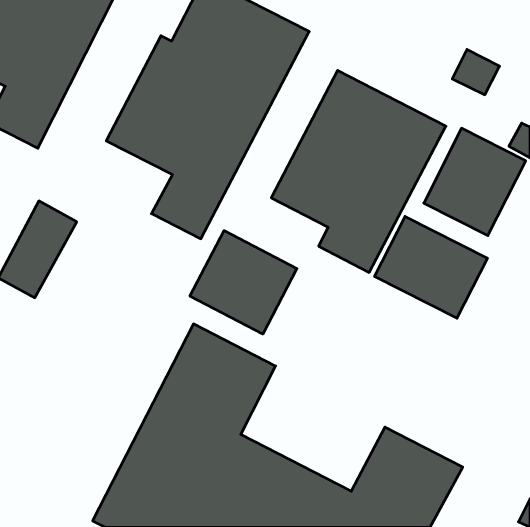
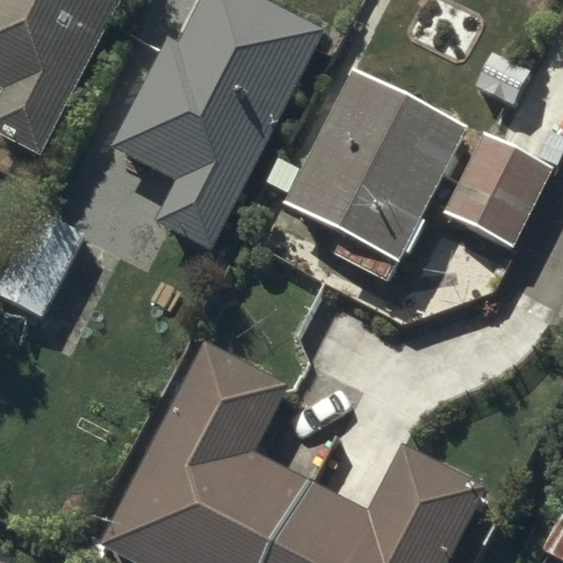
building: [375,216,487,318] -> none
building: [190,231,297,334] -> none

